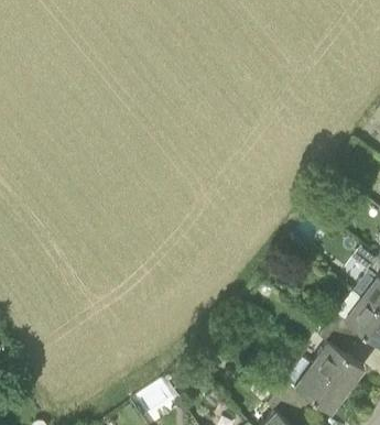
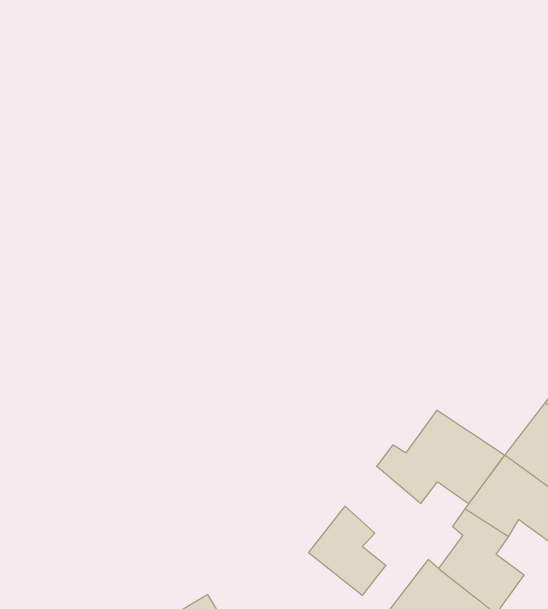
building: none -> [377,410,504,504]
building: none -> [309,506,386,595]

